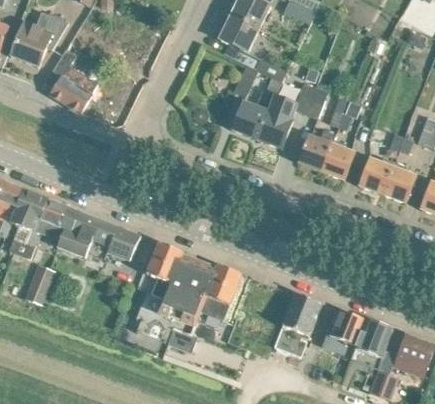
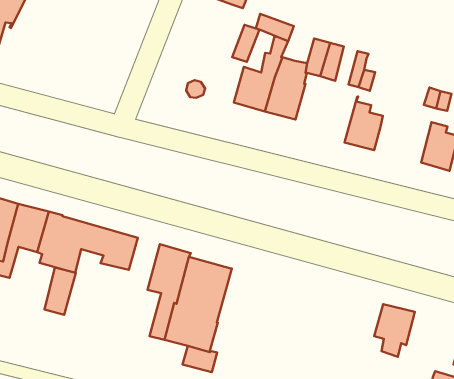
building: [44,48,98,112] -> none
building: [297,129,334,171] -> none
building: [359,157,394,194] -> none
building: [25,264,54,304] -> [45,268,76,315]
building: [199,264,241,320] -> none
building: [274,292,321,356] -> none
building: [354,318,392,361] -> none

